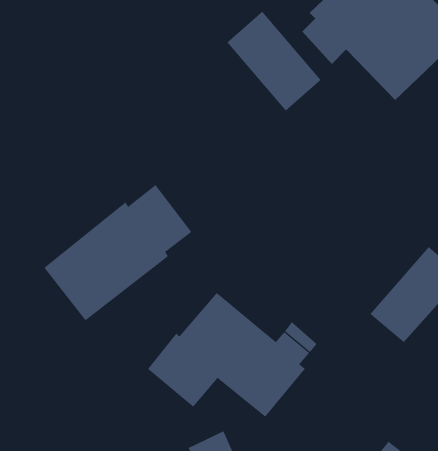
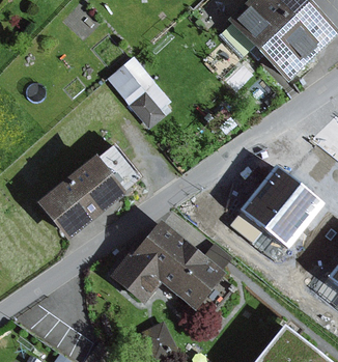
building: [226,11,322,112] -> [106,55,174,128]
building: none -> [244,164,311,234]

